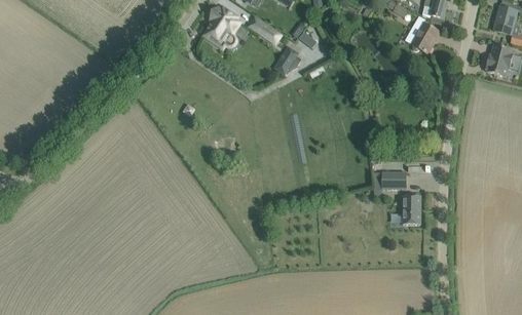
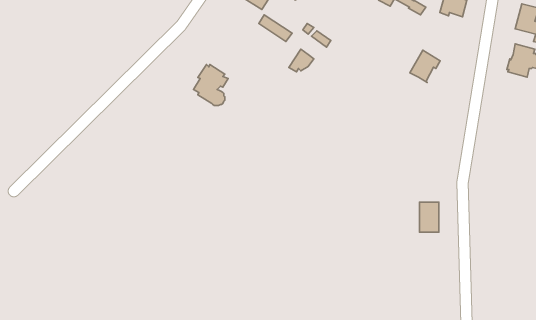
building: [207,7,239,46] -> [194,65,228,106]
building: [410,22,439,52] -> [410,50,440,82]
building: [381,171,406,189] -> none

